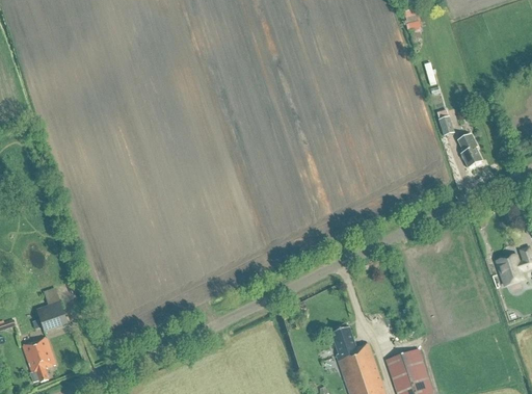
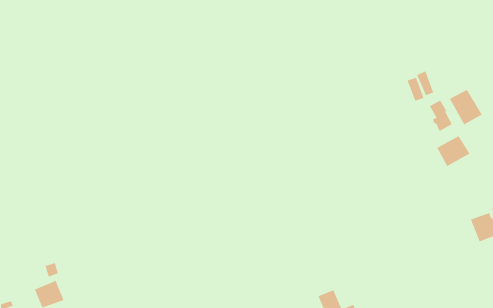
building: none -> [449,89,483,126]
building: none -> [436,135,470,167]

